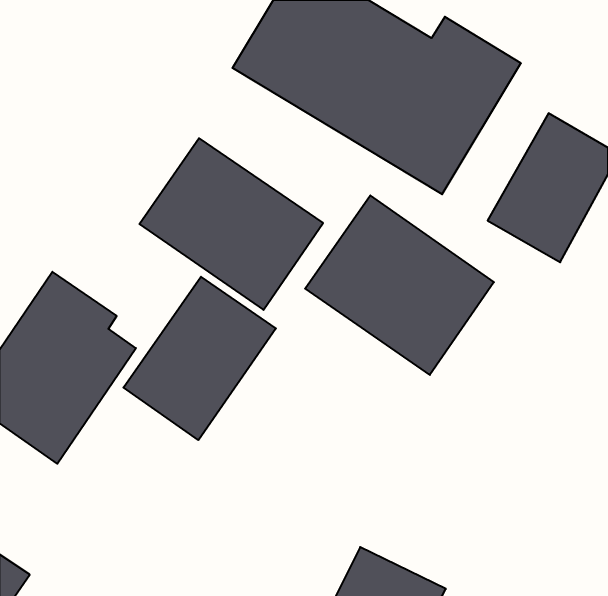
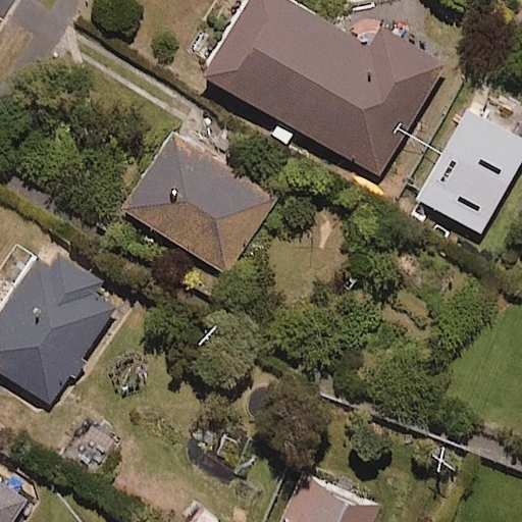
building: [305,195,494,375] -> none
building: [123,277,276,440] -> none

